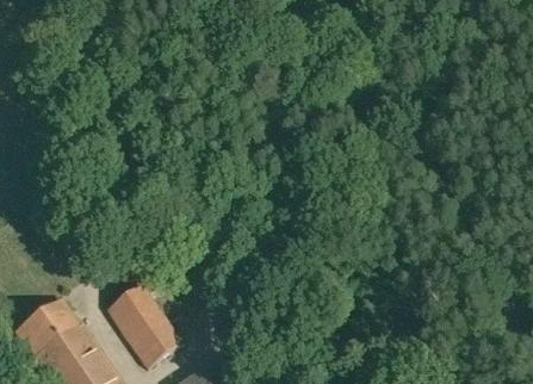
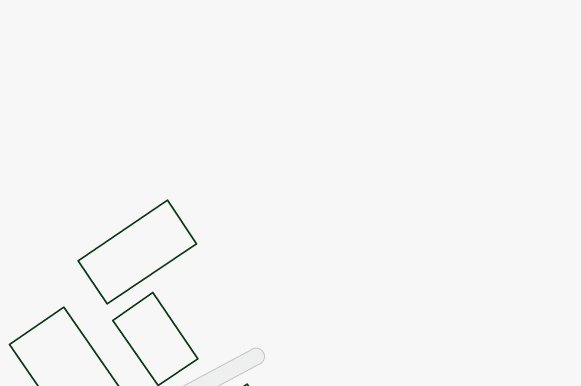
building: none -> [78,200,196,304]

